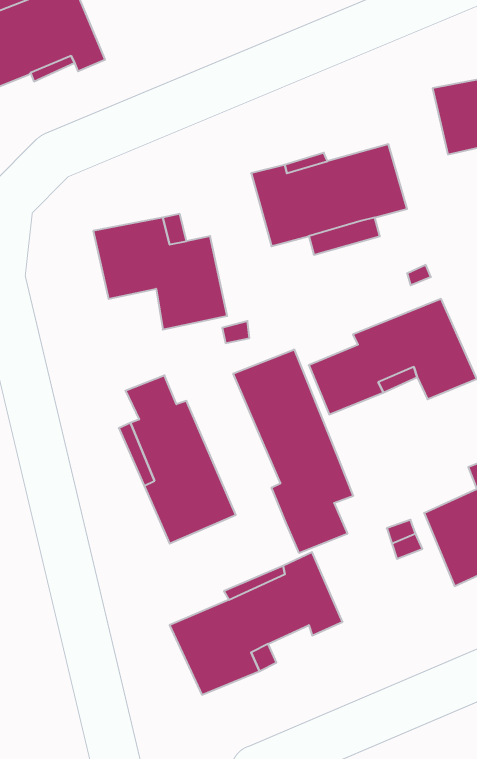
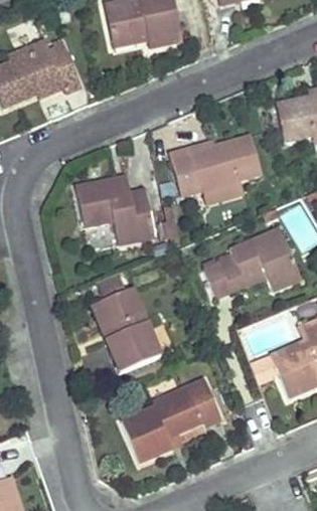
building: [233,349,353,553] -> none

